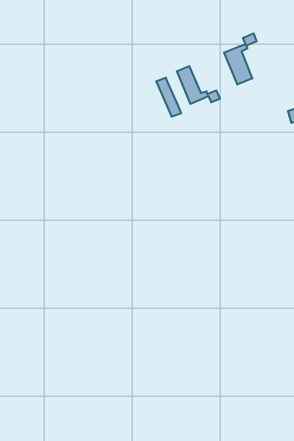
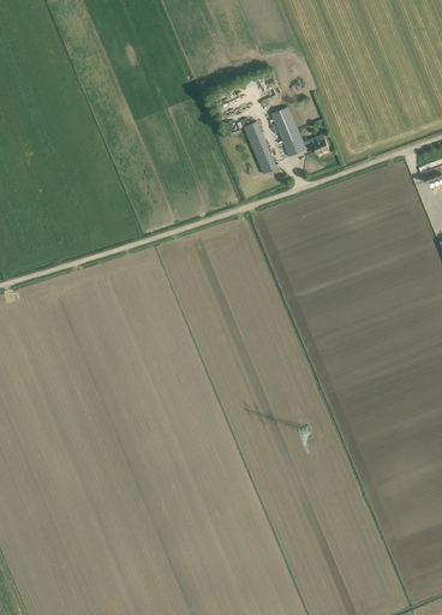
building: [224,33,257,85] -> none

